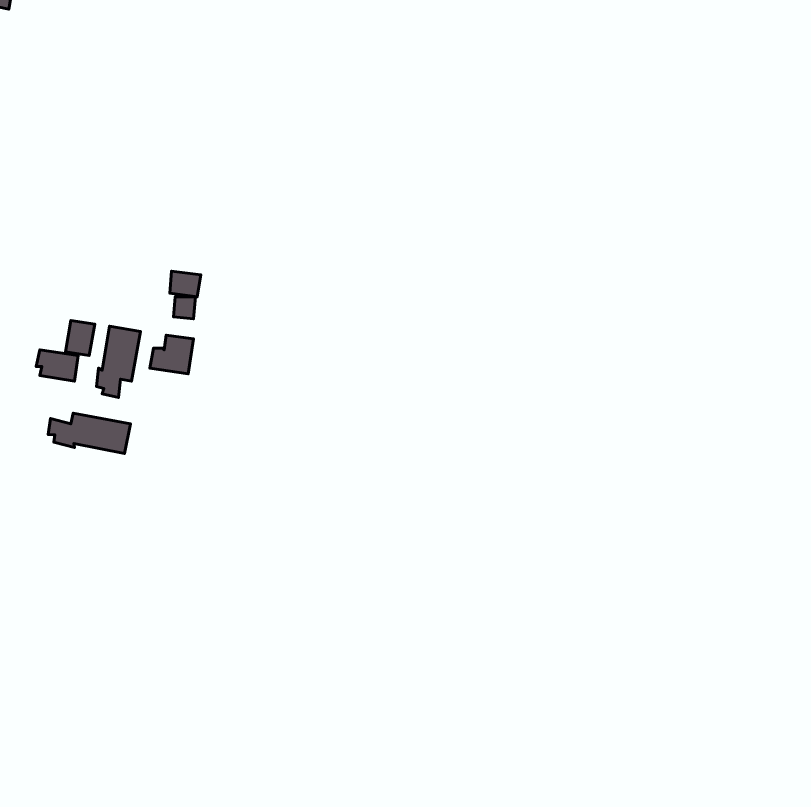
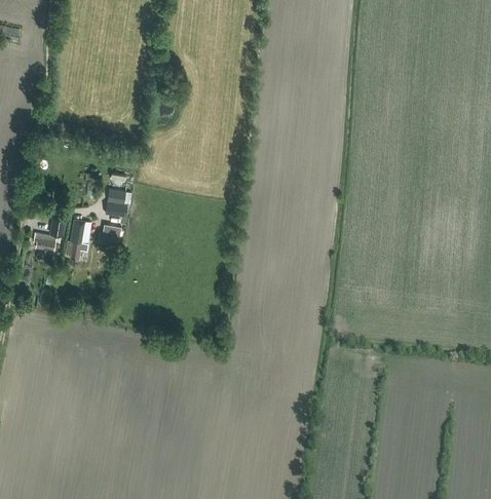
building: [48,413,130,454] -> none

